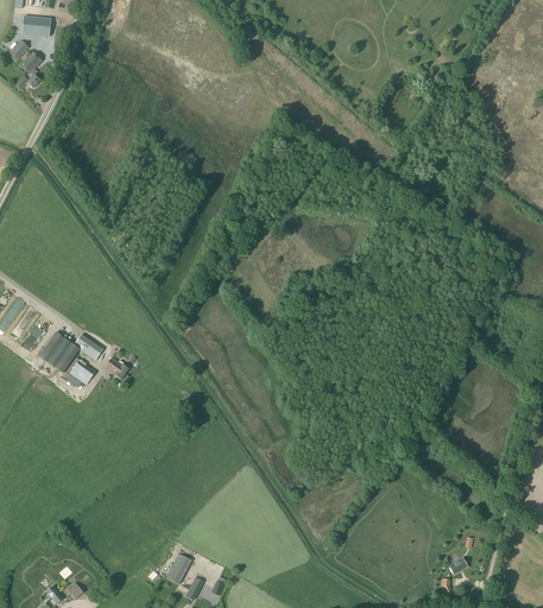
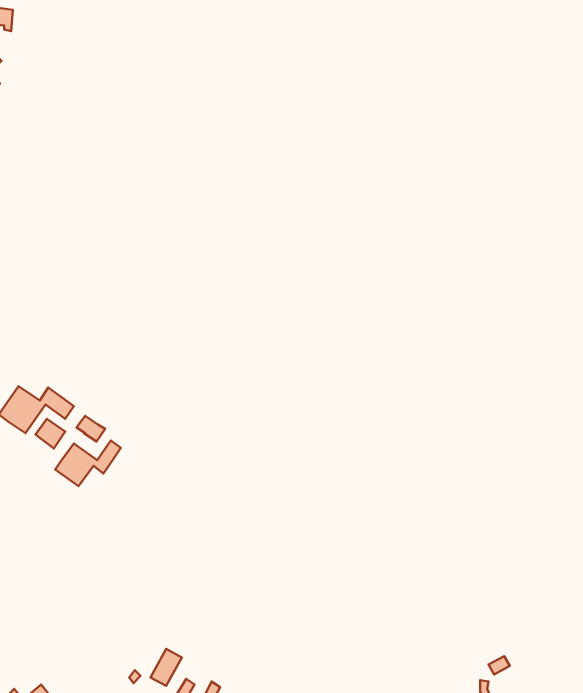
building: none -> [55,440,121,486]

